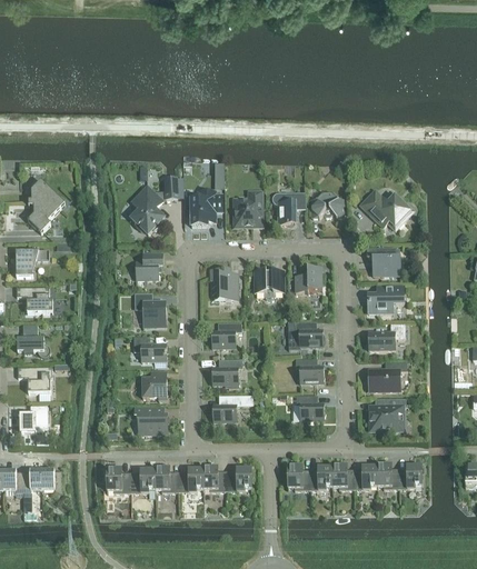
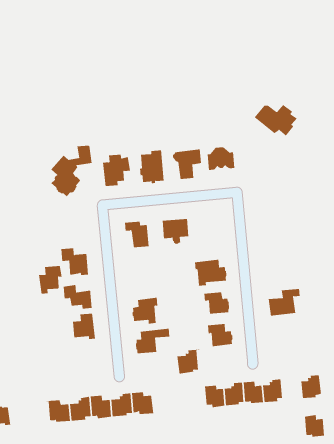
building: [359,193,409,231] -> [254,104,297,137]
building: [367,249,400,277] -> none
building: [135,253,162,284] -> [38,265,63,294]
building: [295,269,321,293] -> none
building: [365,286,404,313] -> none
building: [210,322,241,349] -> none
building: [368,323,405,350] -> none
building: [369,399,406,431] -> none
building: [133,408,167,435] -> none
building: [376,463,398,490] -> [304,414,325,438]
building: [226,466,254,492] -> [176,349,200,374]

